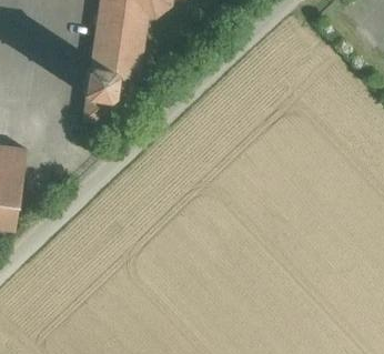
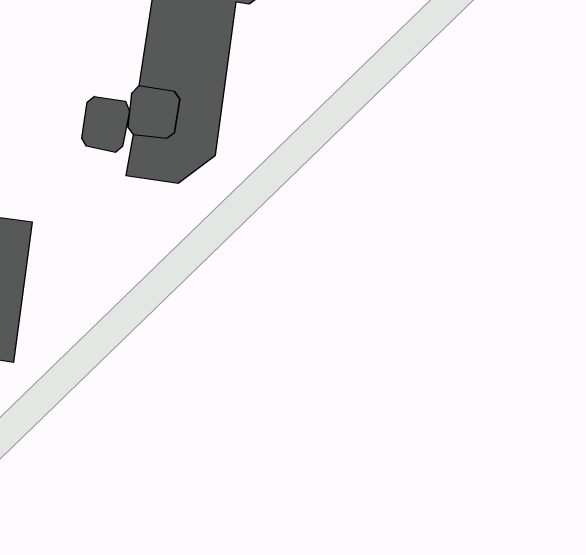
building: none -> [82,96,129,152]

